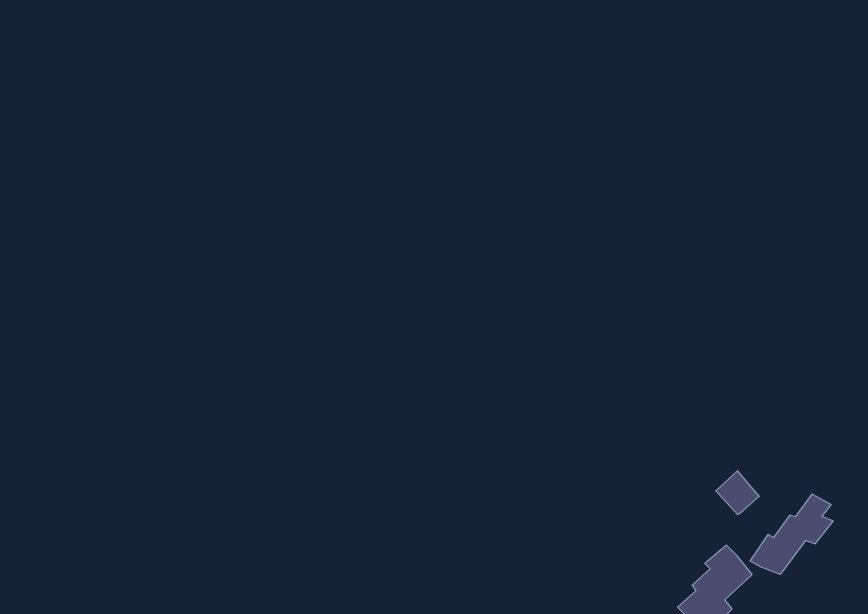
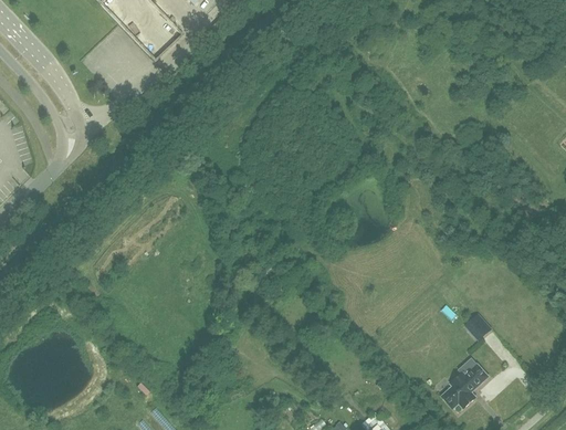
building: [750,494,833,574] -> none

